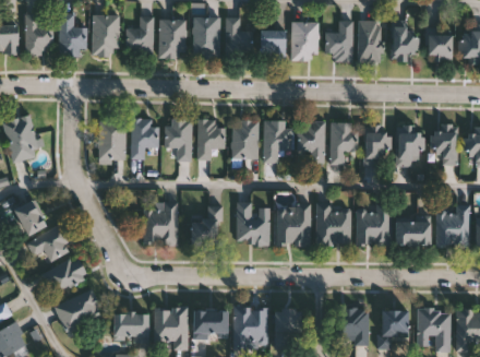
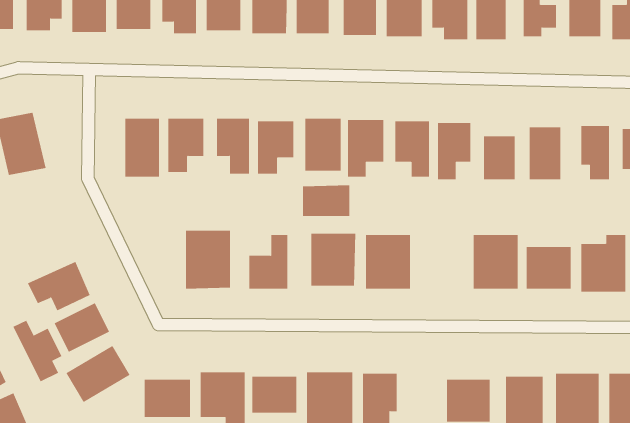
building: none -> [302,184,350,217]
building: [13,200,47,236] -> none
building: [317,205,350,246] -> none
building: none -> [13,320,62,382]

